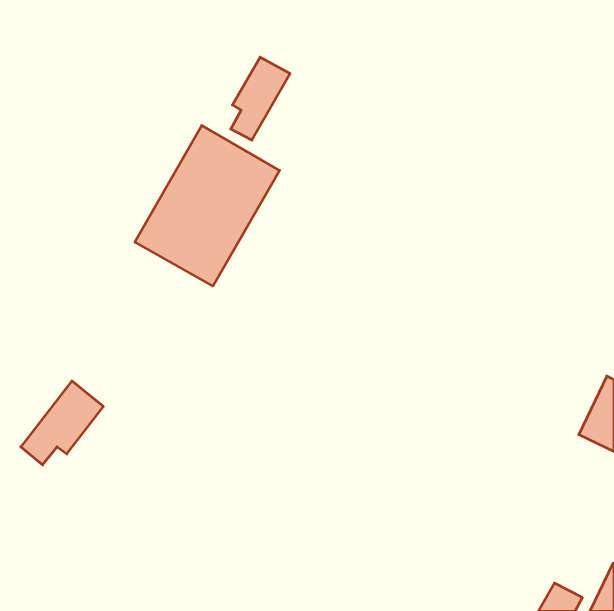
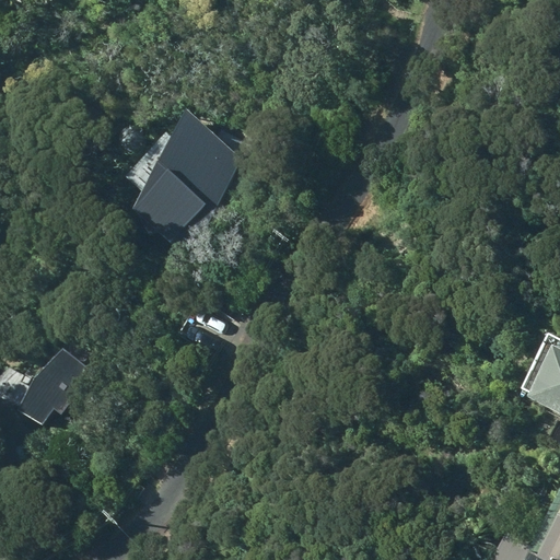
building: [231,57,290,140] -> none

